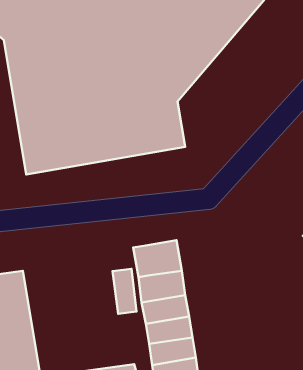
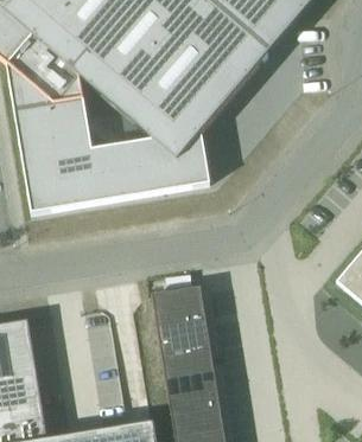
building: [112,269,136,314] -> none

